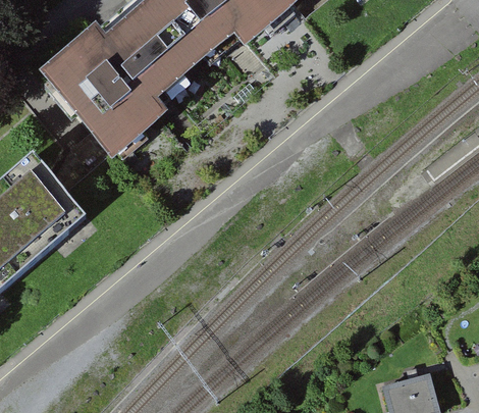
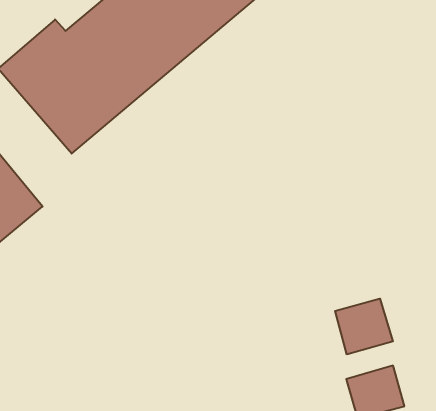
building: none -> [335,299,393,354]

